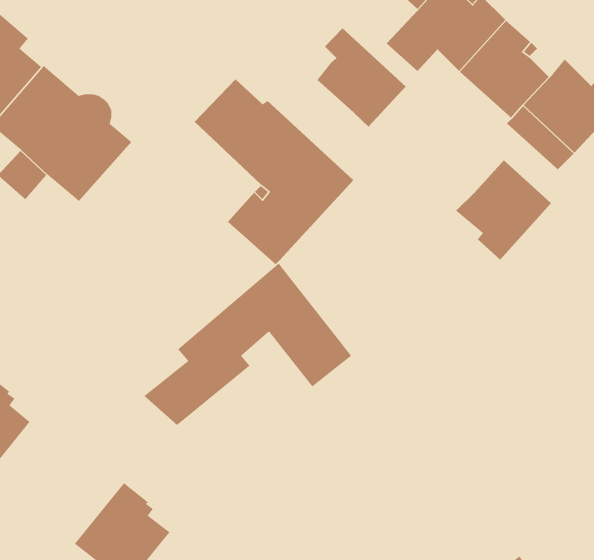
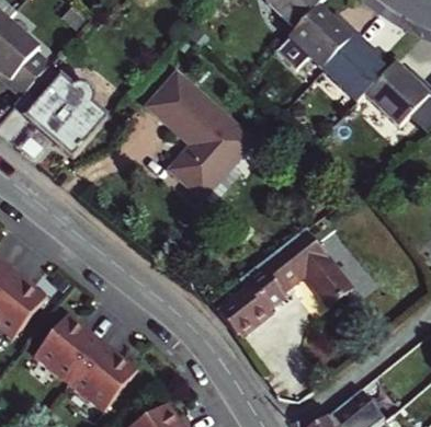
building: [316,28,406,127] -> none
building: [455,160,552,260] -> none
building: [144,263,352,426] -> [216,226,353,333]
building: none -> [35,316,103,380]

